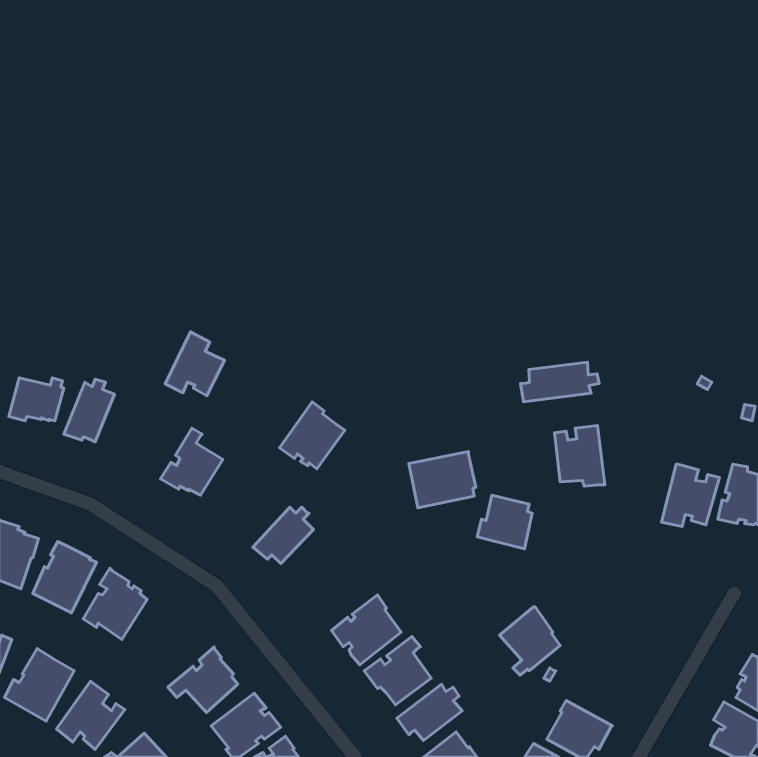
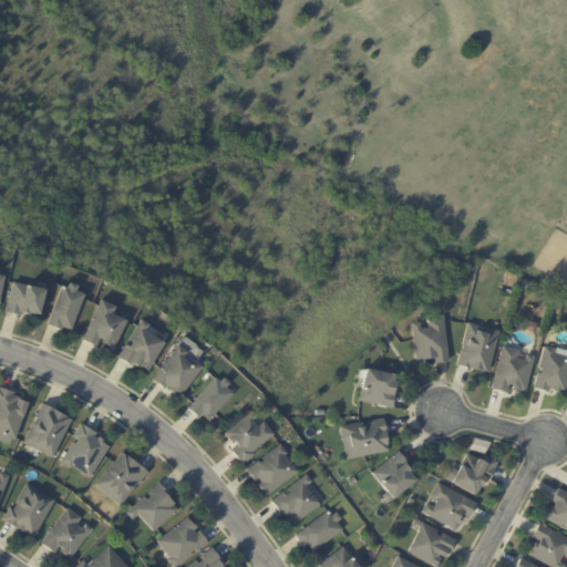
building: [165,332,225,396] -> [84,299,128,347]
building: [520,362,599,402] -> none
building: [280,402,345,469] -> [155,344,204,394]
building: none -> [458,321,501,371]
building: [409,451,476,508] -> [341,417,391,460]
building: none -> [225,411,274,464]
building: none -> [96,452,148,505]
building: none -> [452,452,495,494]
building: none -> [422,481,475,528]

